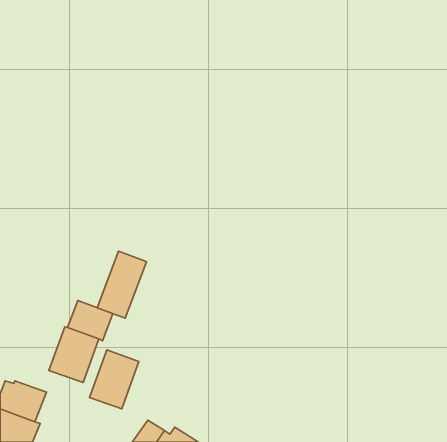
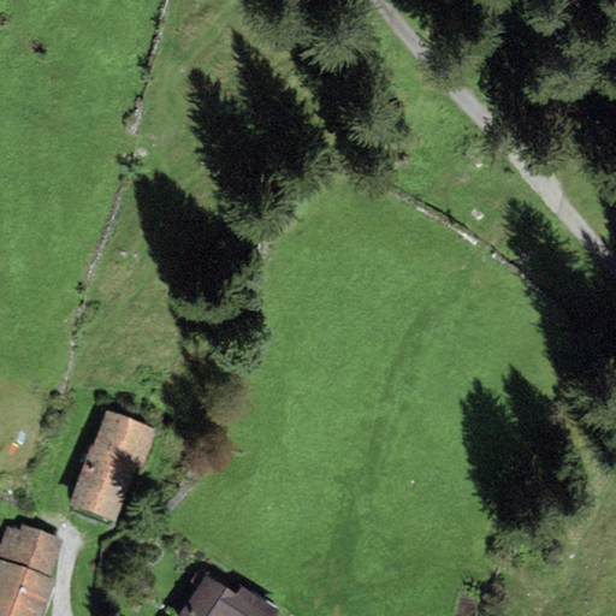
building: [97,251,146,318] -> none
building: [90,350,139,409] -> none

